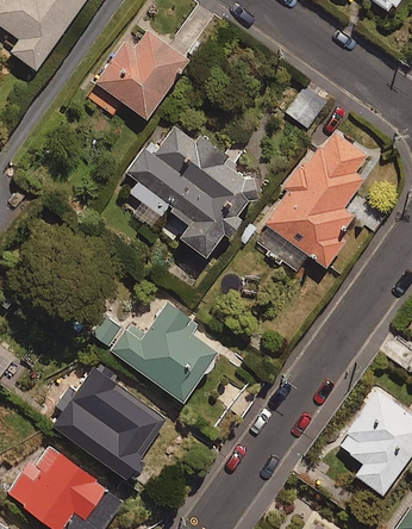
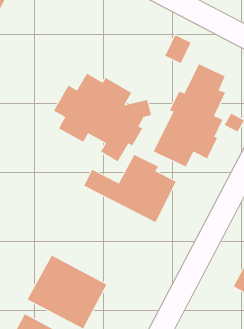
building: [95,31,188,119] -> none
building: [90,303,219,402] -> [84,154,176,223]

